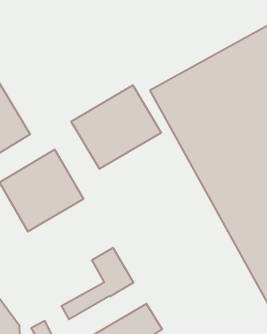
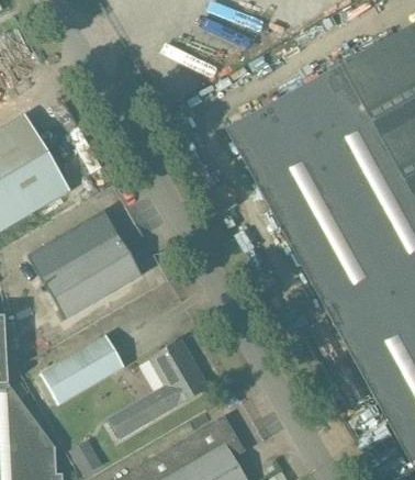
building: [71,85,161,169] -> none
building: none -> [41,336,123,403]

